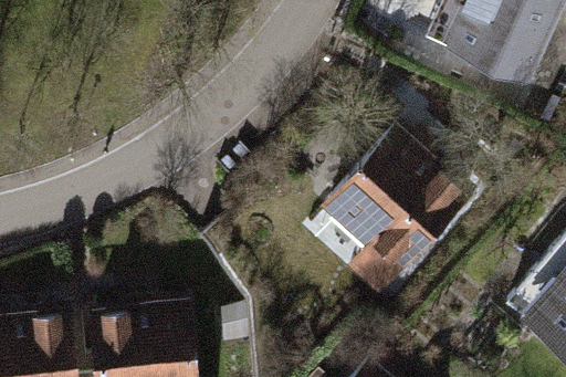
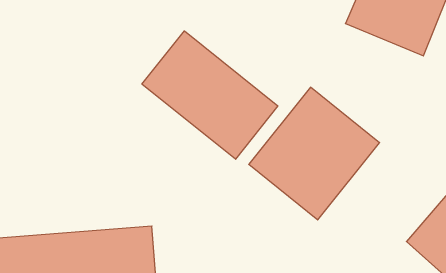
building: none -> [142,31,278,159]

